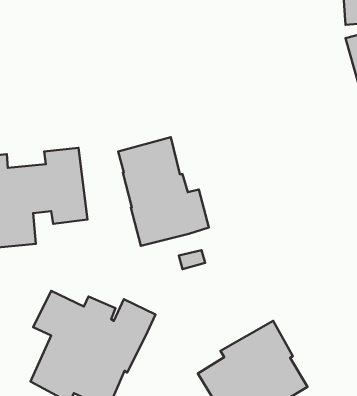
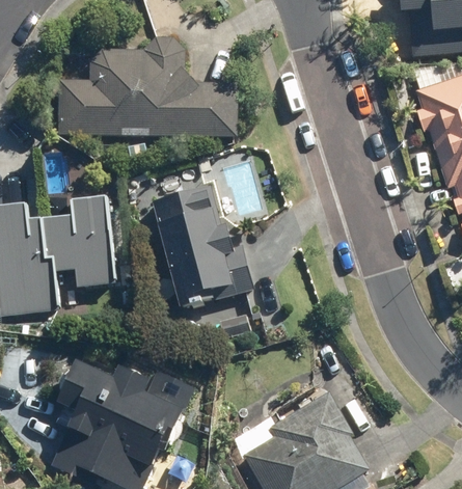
building: none -> [57,35,237,135]

